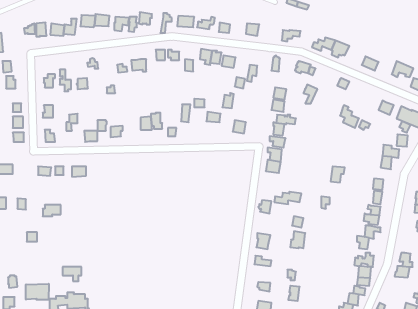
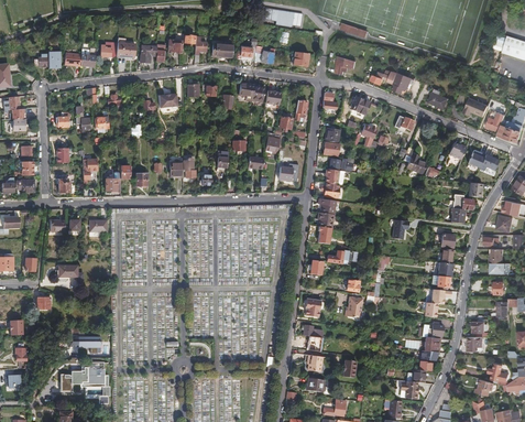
building: [26,284,49,300] -> none

